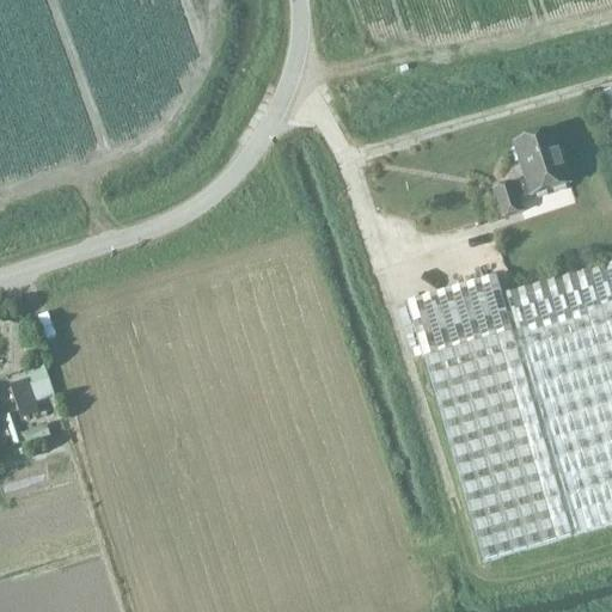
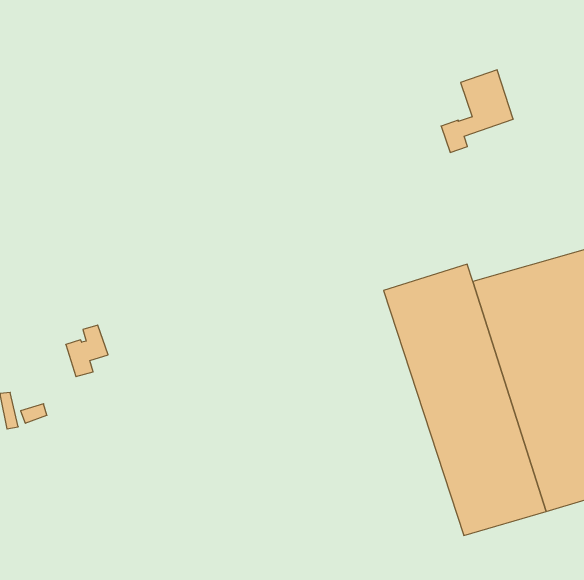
building: [497,128,573,214] -> [441,70,513,152]
building: [11,362,55,416] -> [66,325,108,377]

